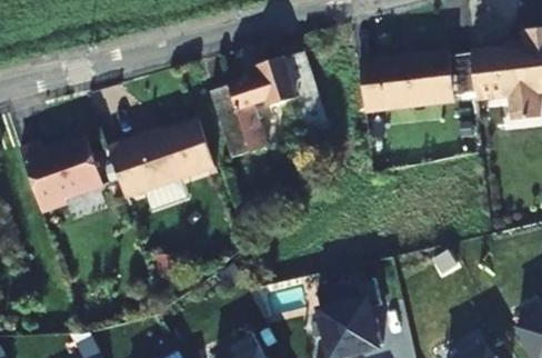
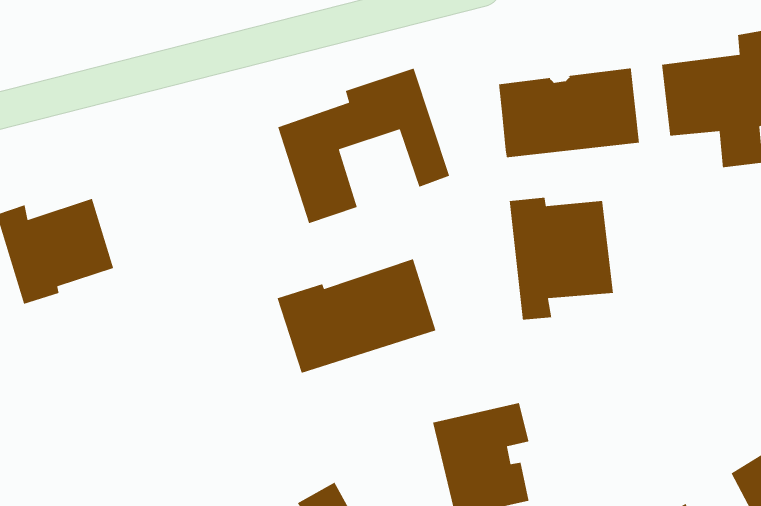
building: [103,121,211,199] -> [277,258,436,374]
building: none -> [509,197,614,320]

